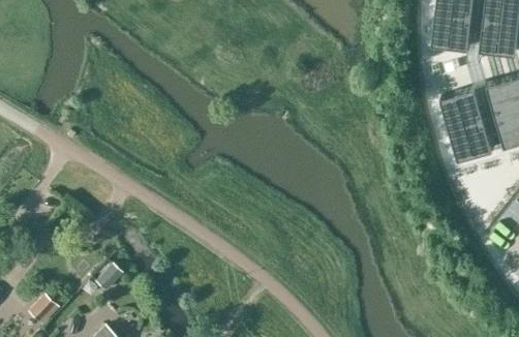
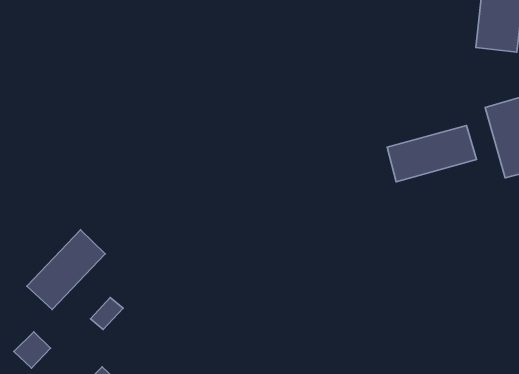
building: none -> [387,125,477,182]
building: none -> [27,230,105,309]

